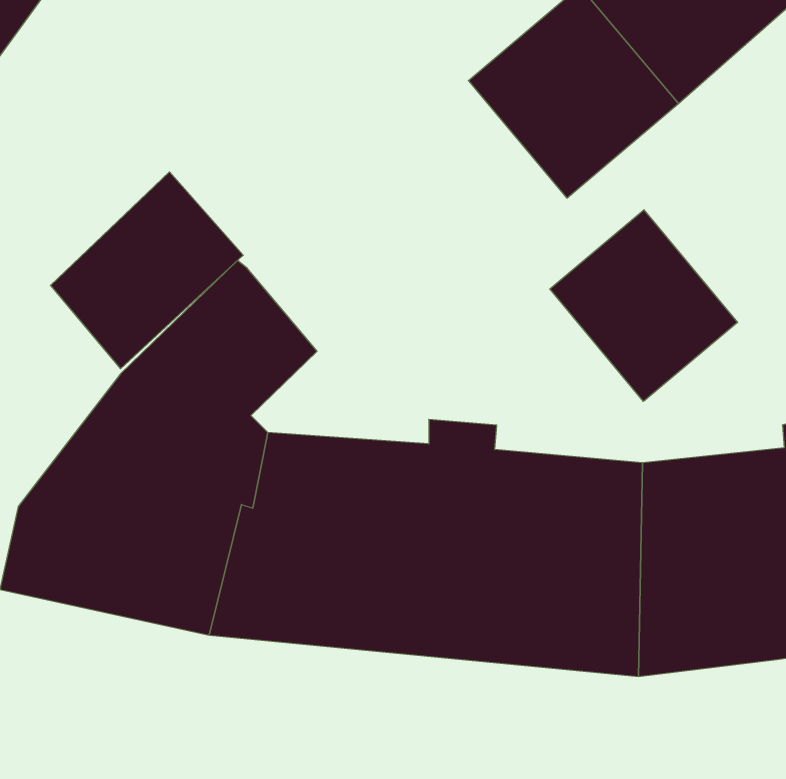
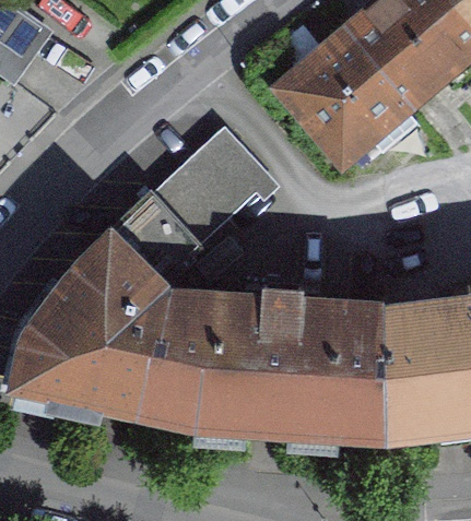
building: [50,172,243,369] -> [153,133,264,247]
building: [550,210,738,401] -> none

